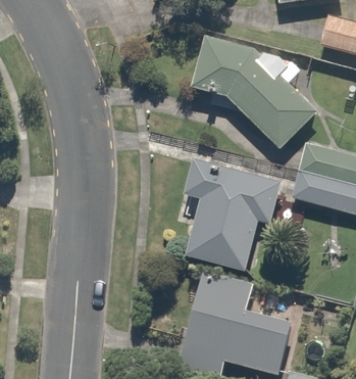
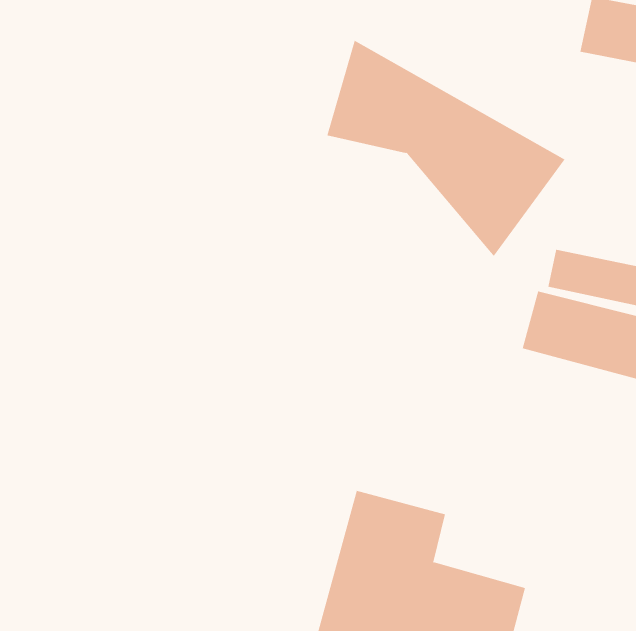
building: [182,152,283,272] -> none

